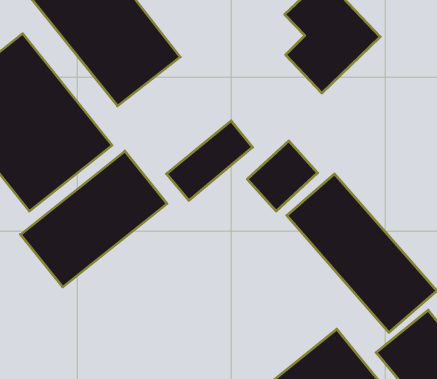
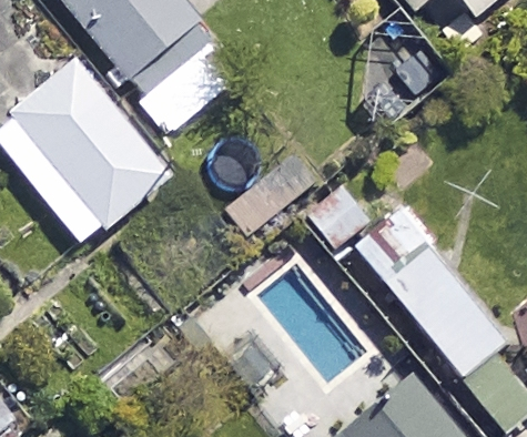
building: [20,151,167,287] -> none

